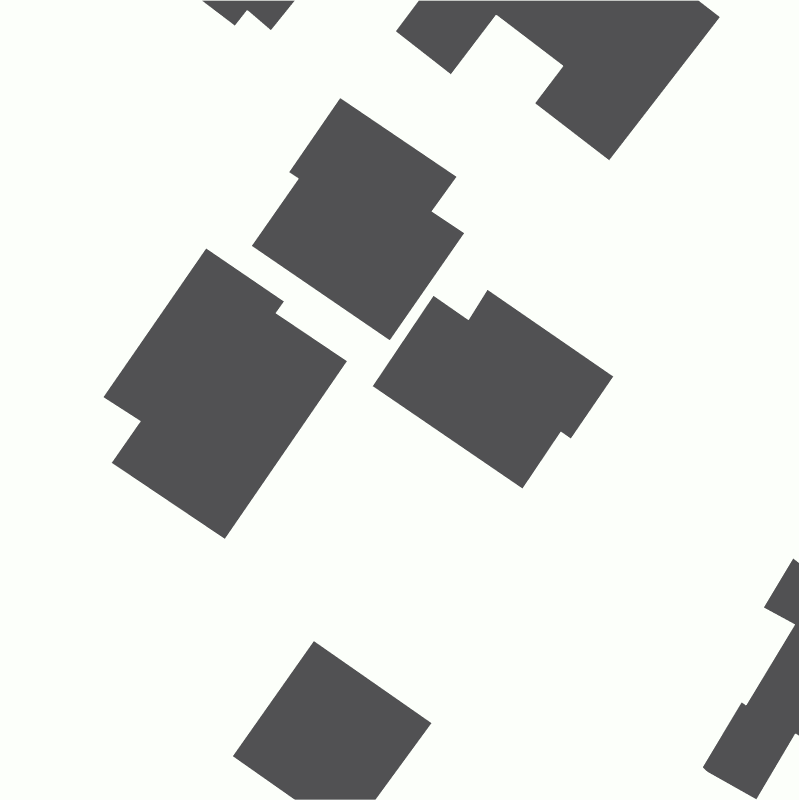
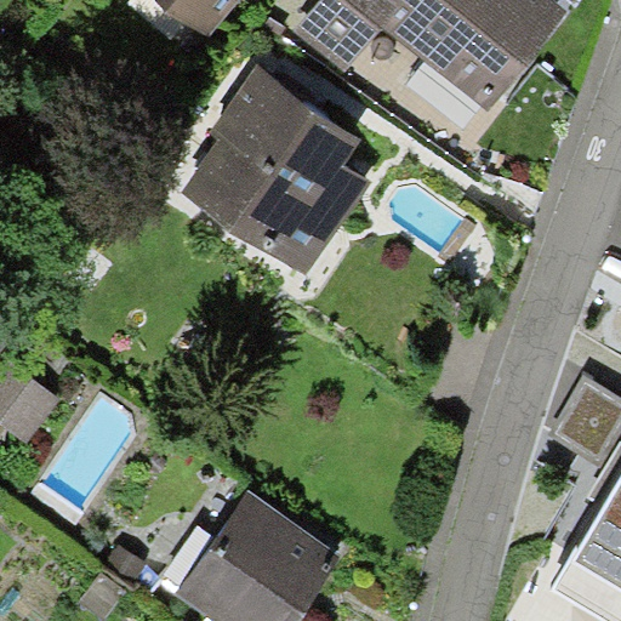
building: [102,247,348,540] -> none
building: [372,289,614,490] -> none

